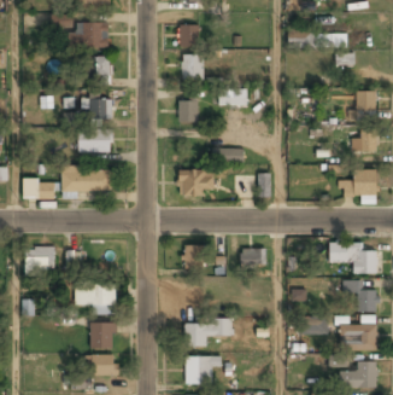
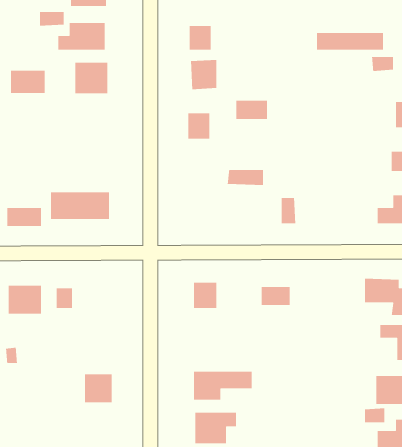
building: [81,99,111,120] -> [10,70,45,94]
building: [77,129,111,152] -> none
building: [177,170,213,196] -> none
building: [75,284,115,315] -> none
building: [92,355,118,376] -> none

